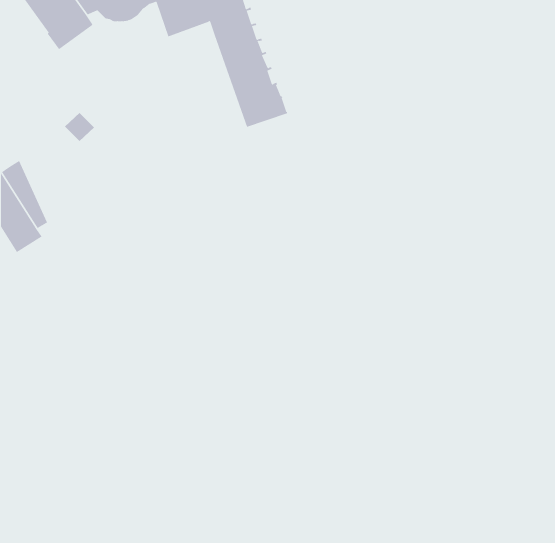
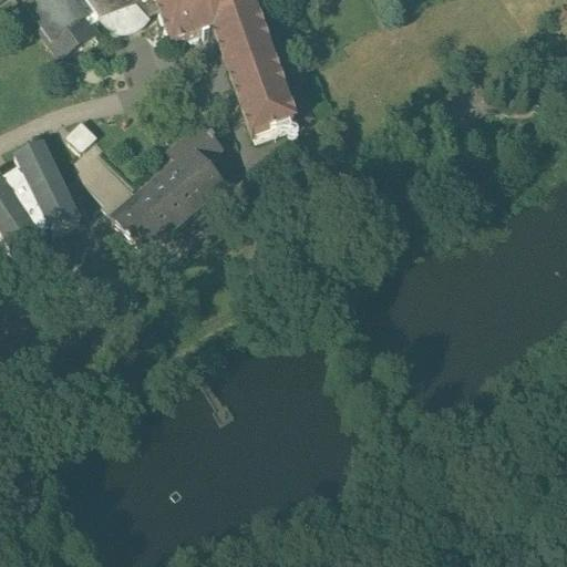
building: none -> [113,120,225,250]
building: none -> [16,137,81,229]

